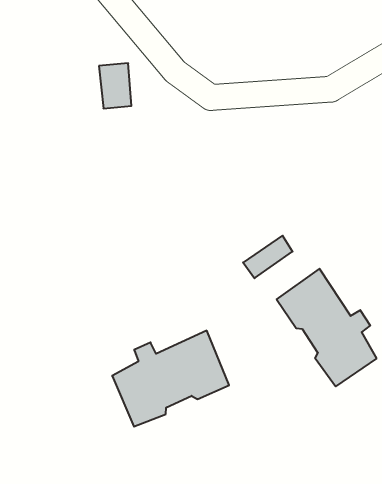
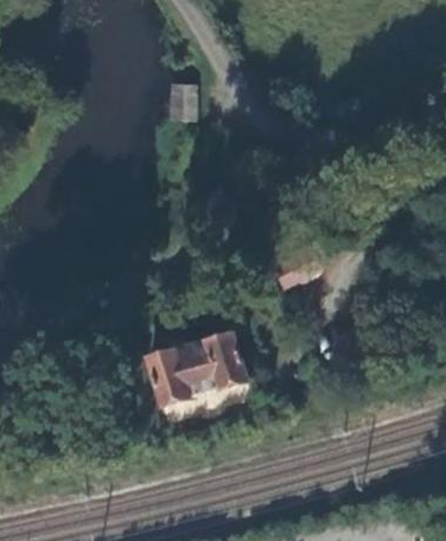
building: [277,269,376,386] -> none

